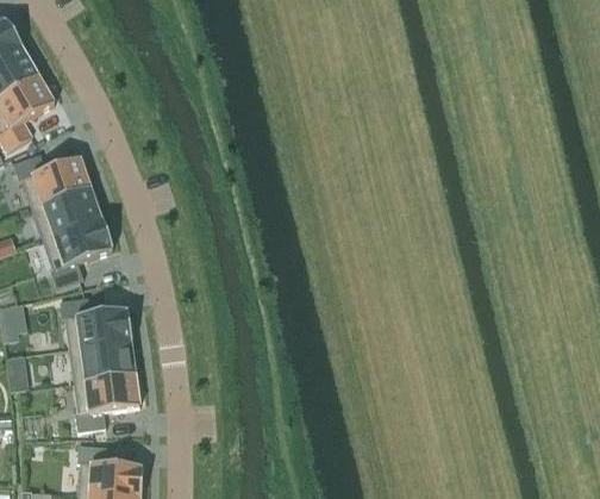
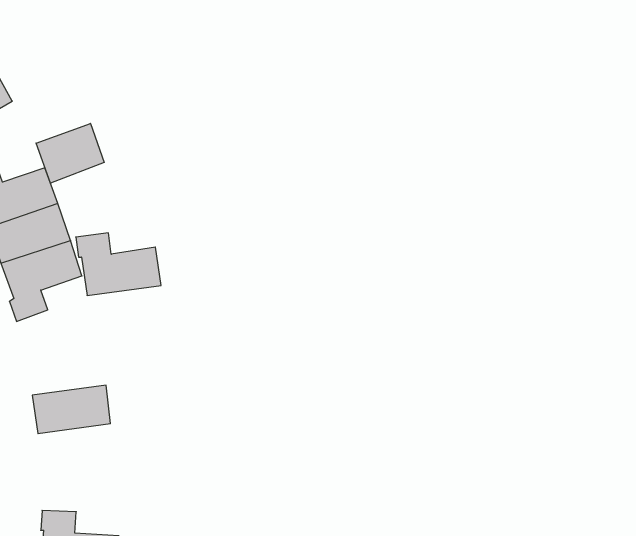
building: none -> [36,123,104,183]
building: [61,297,132,349] -> [76,233,161,295]
building: [75,373,140,430] -> none

